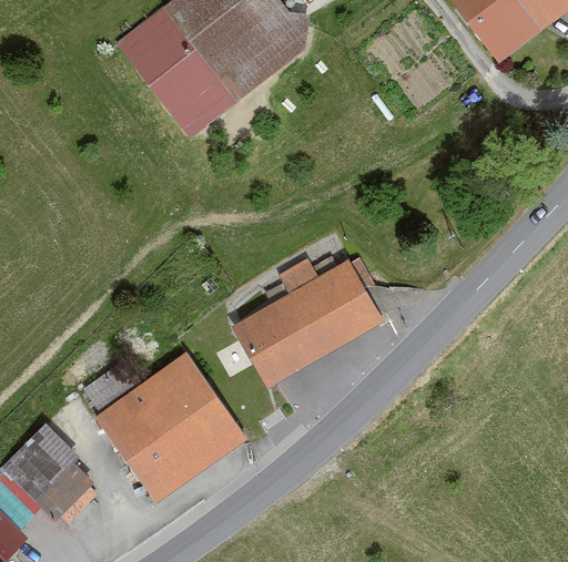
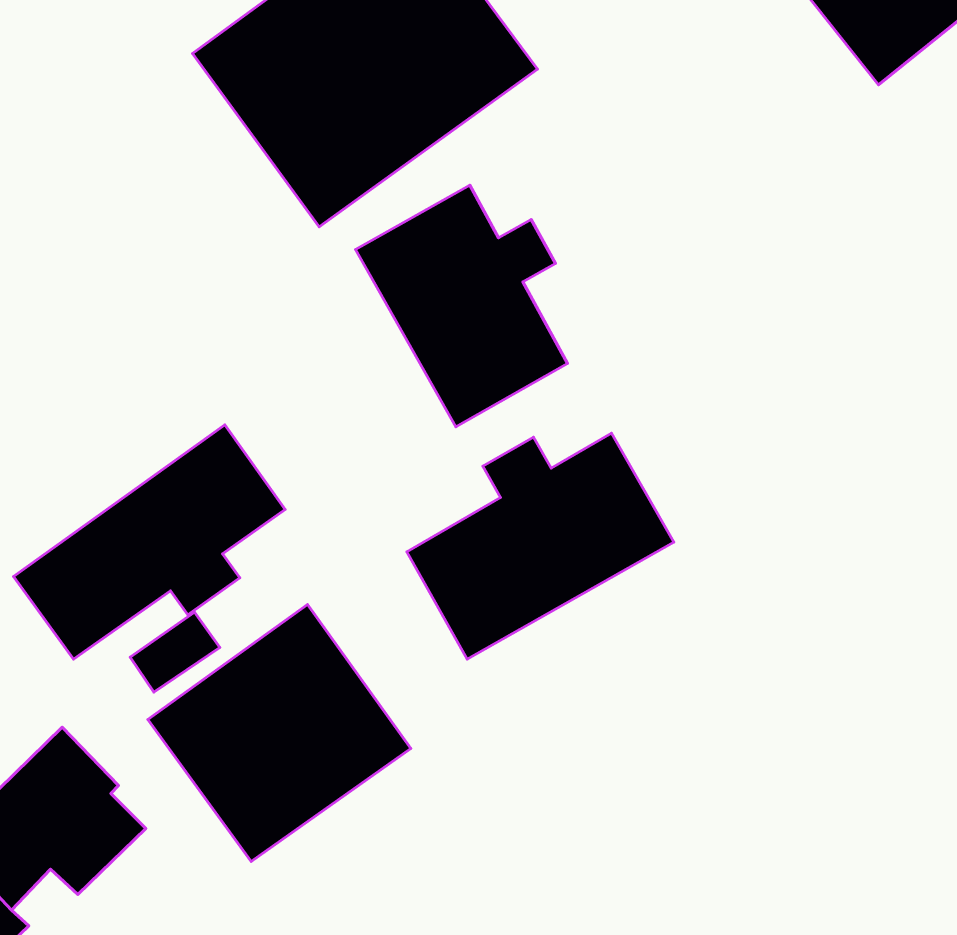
building: none -> [355,185,568,427]
building: none -> [14,425,285,659]

